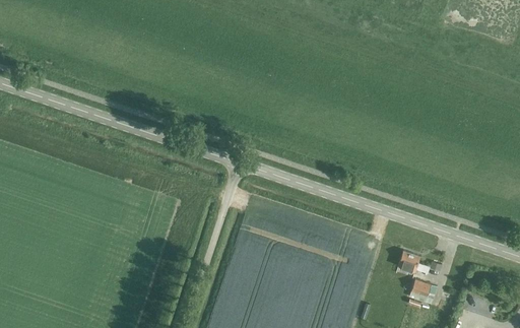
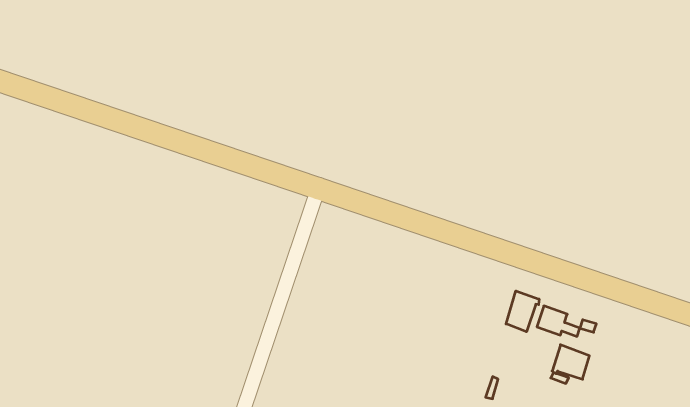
building: none -> [506,291,539,332]

